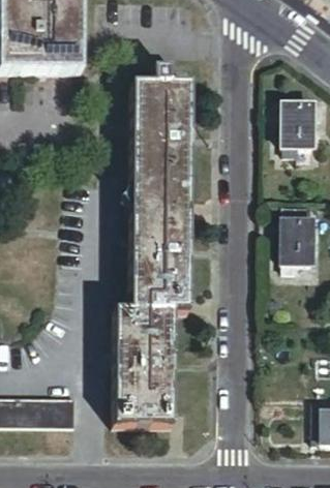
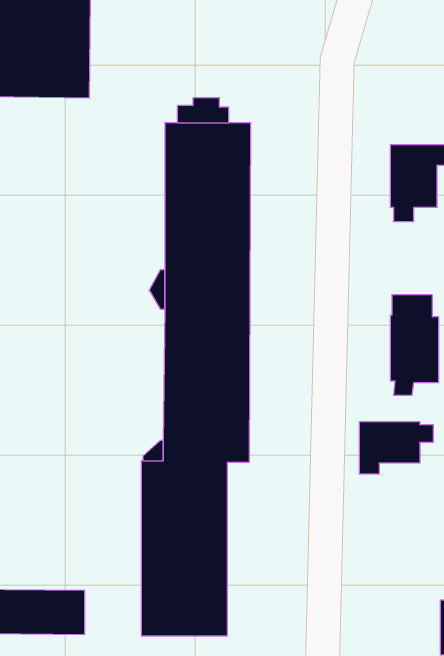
building: none -> [360,422,433,474]

